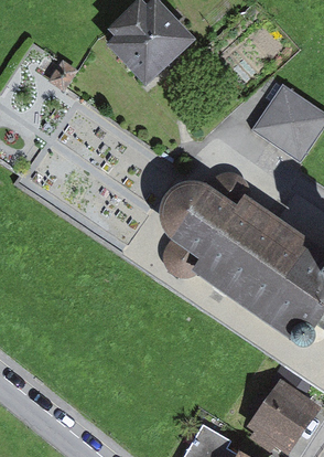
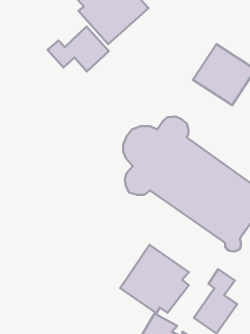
building: none -> [47,27,109,72]
building: none -> [120,245,189,313]

